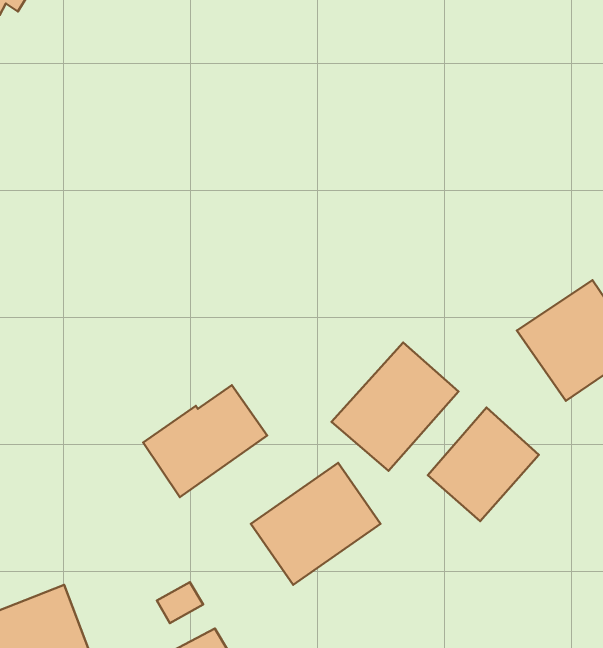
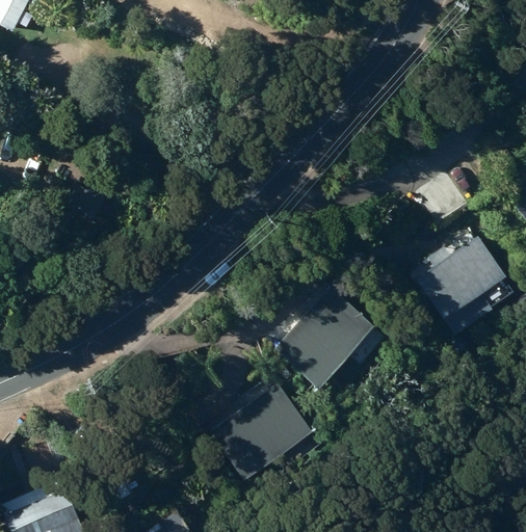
building: [143,385,267,497] -> none
building: [428,407,539,521] -> none

